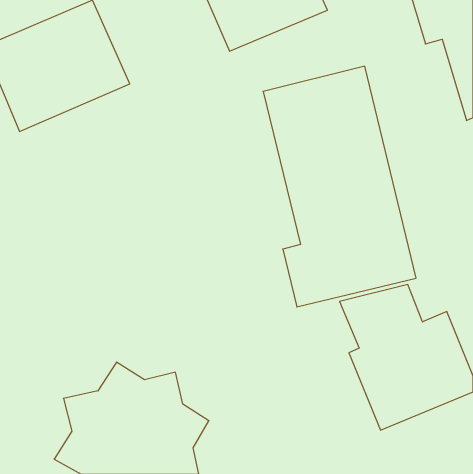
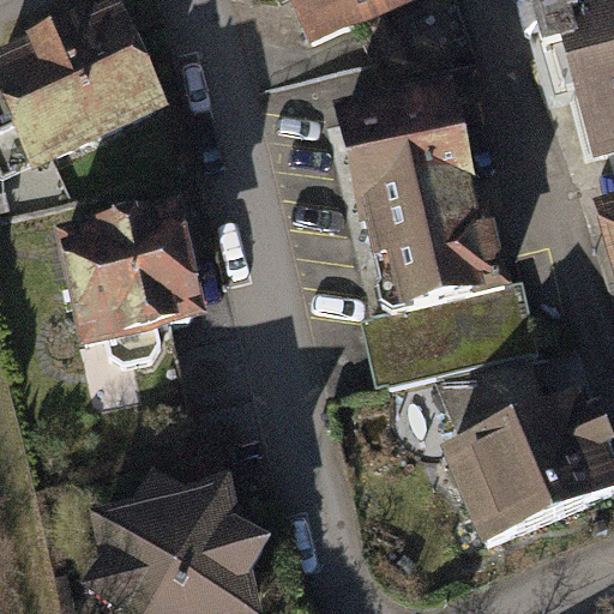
building: none -> [50,198,198,341]

